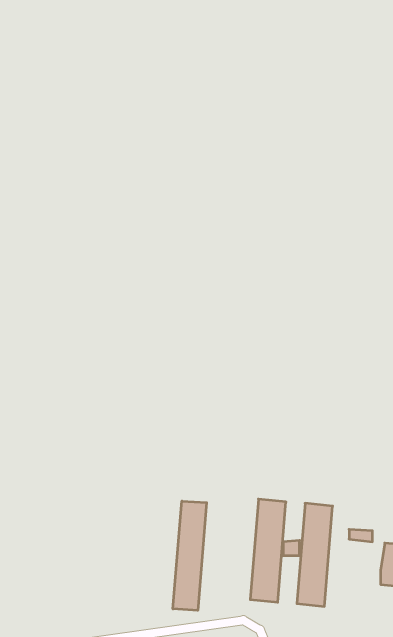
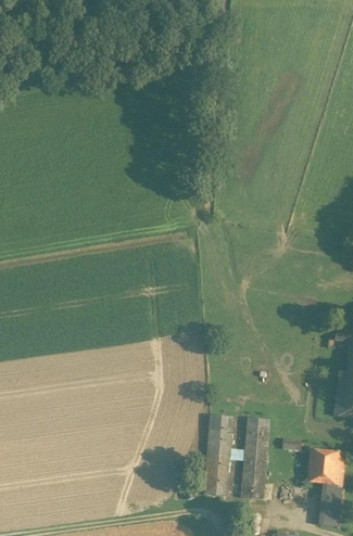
building: [173,501,207,610] -> none

